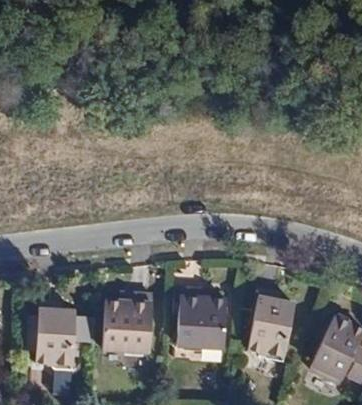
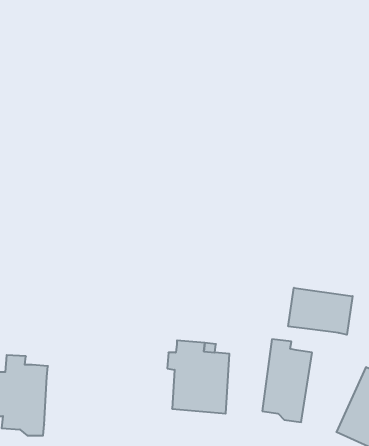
building: none -> [288,288,353,335]
building: [104,296,152,354] -> none

